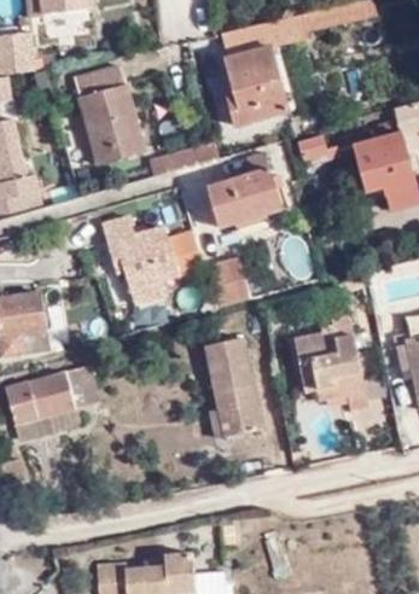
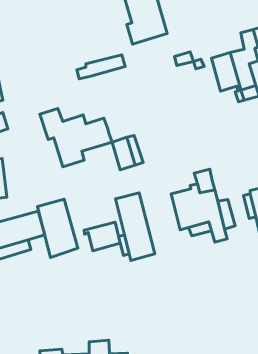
building: [77,65,147,163] -> none
building: [205,152,280,226] -> none
building: none -> [38,199,78,257]
building: none -> [84,222,120,251]

